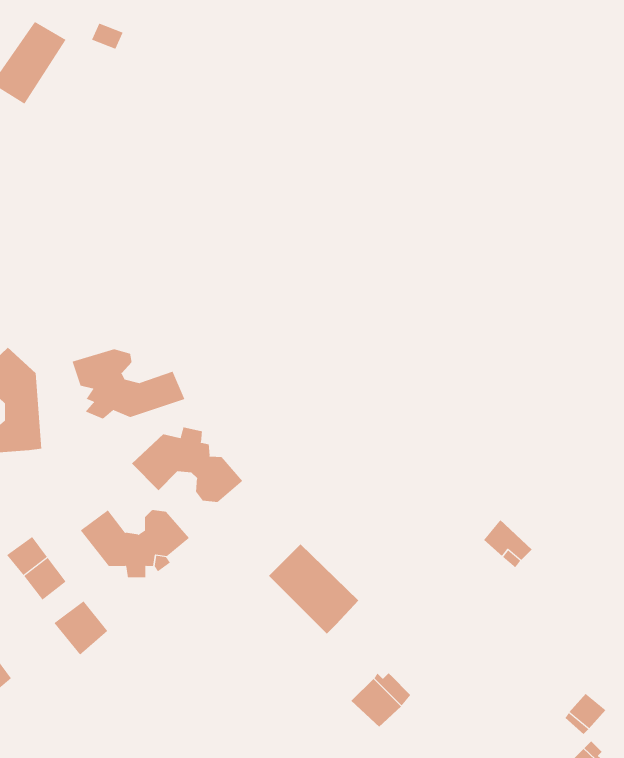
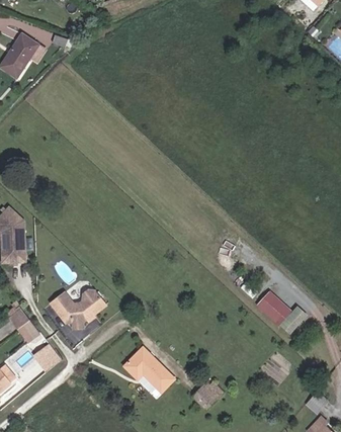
building: [72,348,185,419] -> none
building: [131,426,243,503] -> none
building: [268,544,359,634] -> [124,348,173,397]

